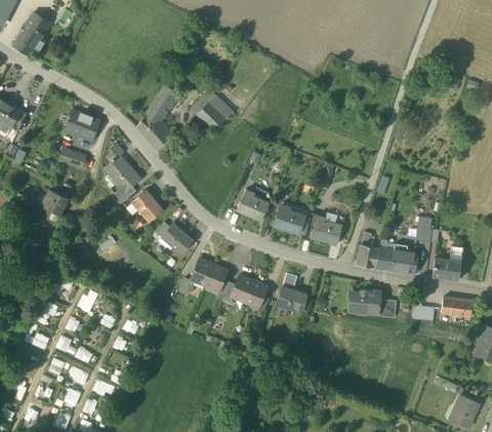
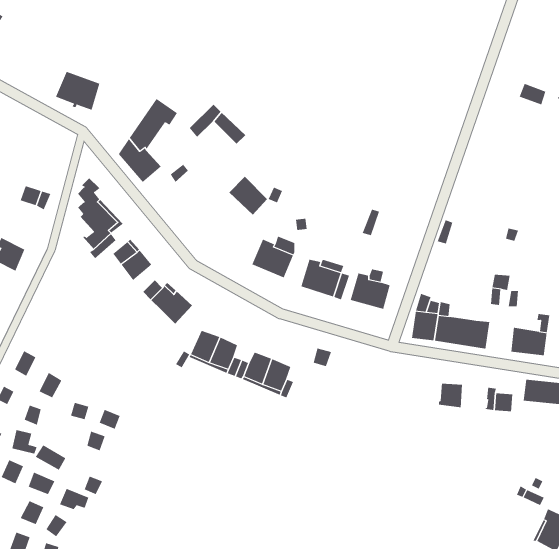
building: [196,103,225,132] -> [228,176,268,216]
building: [65,112,98,142] -> [55,71,100,111]
building: [276,287,306,313] -> none
building: [348,289,379,314] -> none

